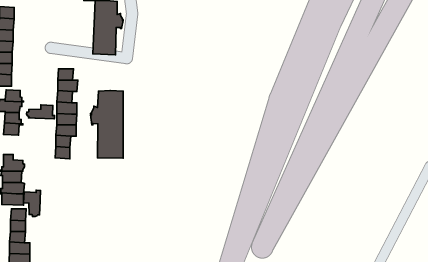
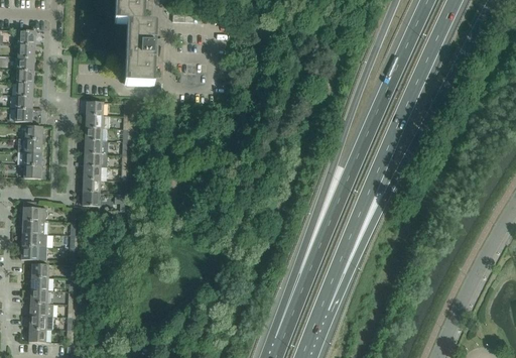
building: [90,91,123,158] -> none
building: [27,105,54,119] -> none
building: [24,190,41,217] -> none

